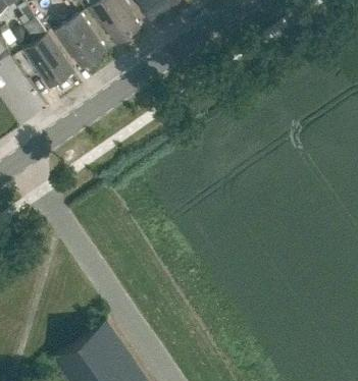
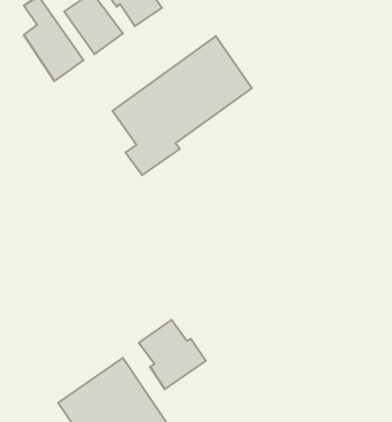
building: none -> [113,36,252,175]
building: none -> [139,320,206,389]

